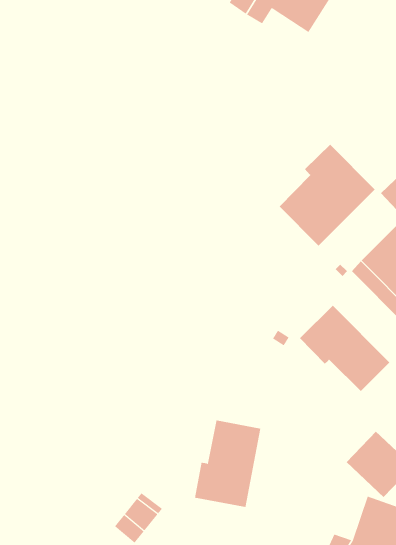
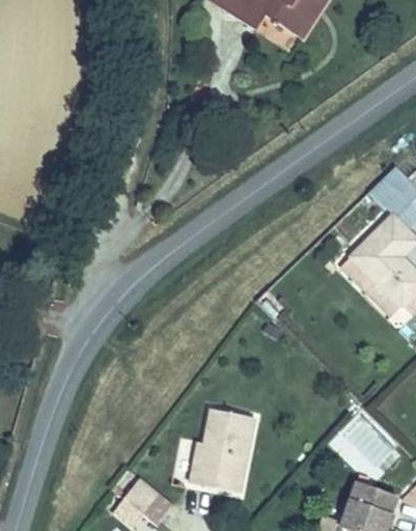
building: [279,144,375,247] -> none
building: [299,305,390,392] -> none

